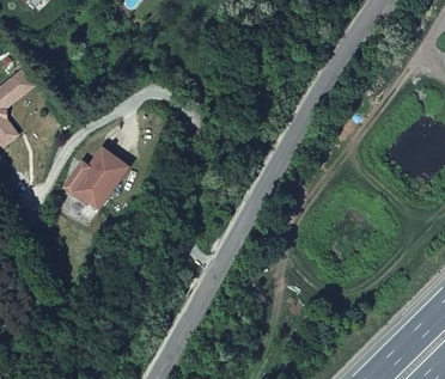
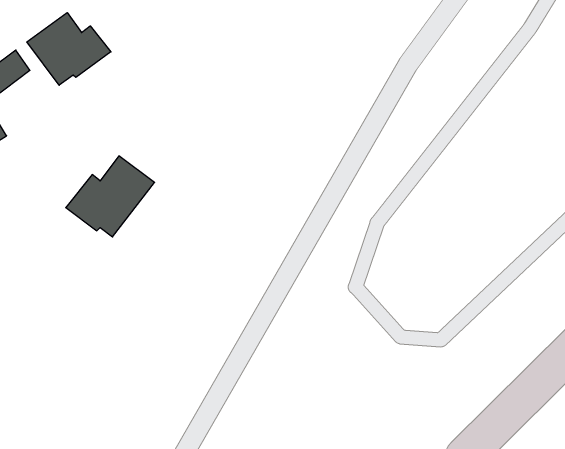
building: none -> [27,13,111,85]

